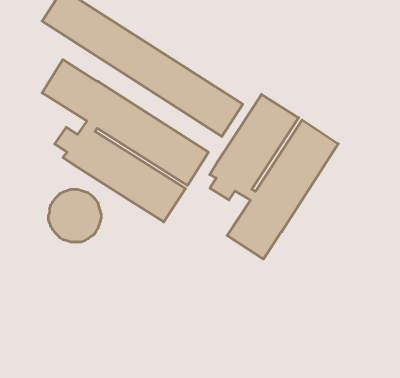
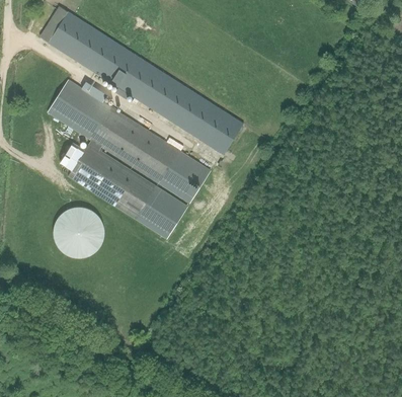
building: [210,94,338,259] -> none

